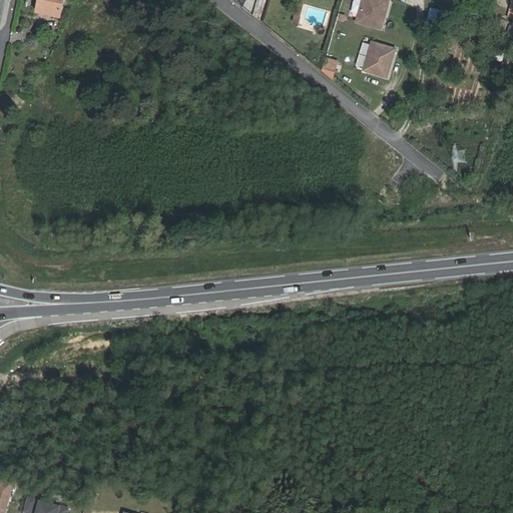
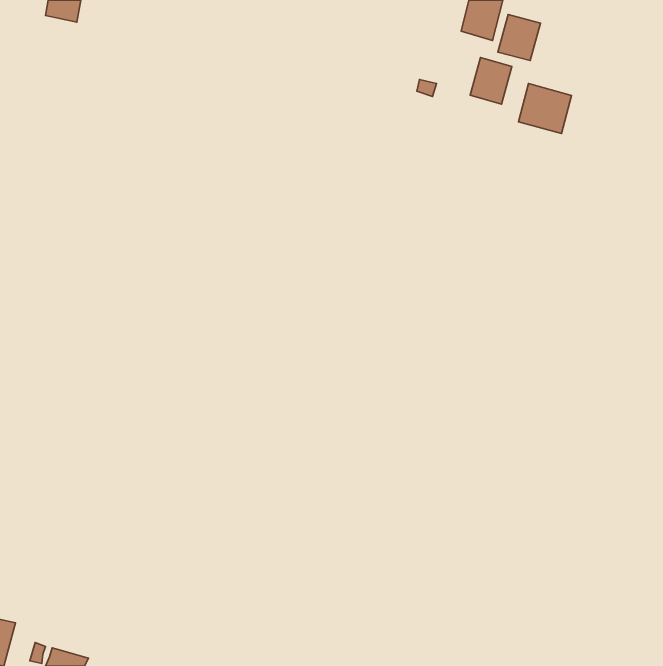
building: none -> [498,15,541,61]
building: none -> [519,84,572,134]

